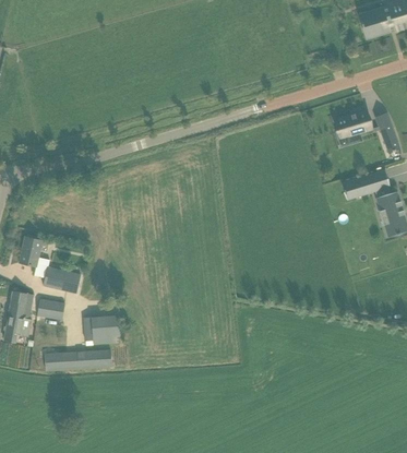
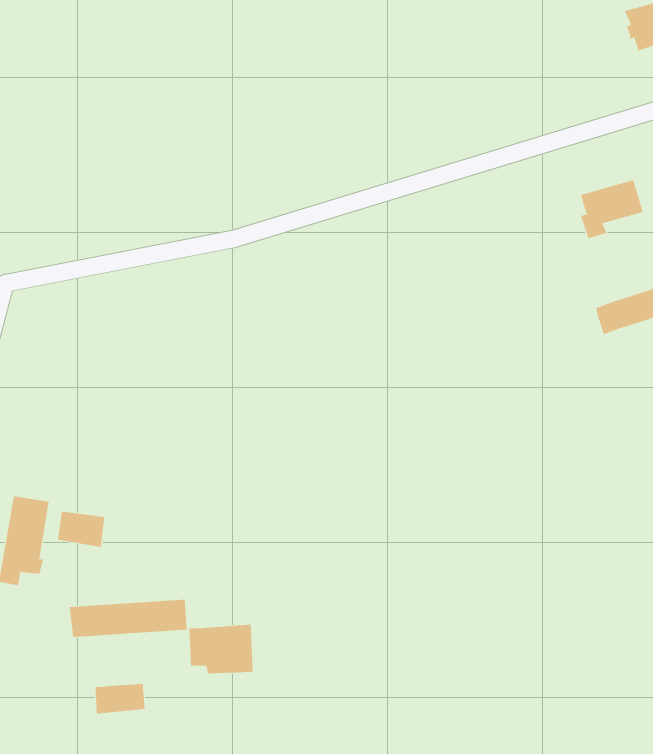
building: [19,236,81,293] -> none
building: [83,315,120,344] -> [188,624,254,674]
building: none -> [95,683,145,714]

